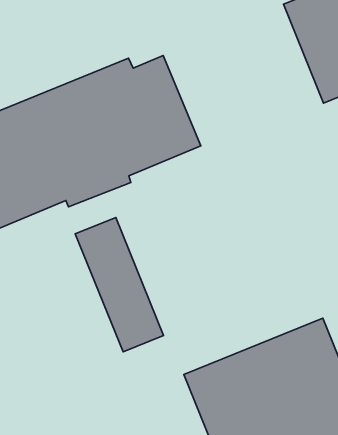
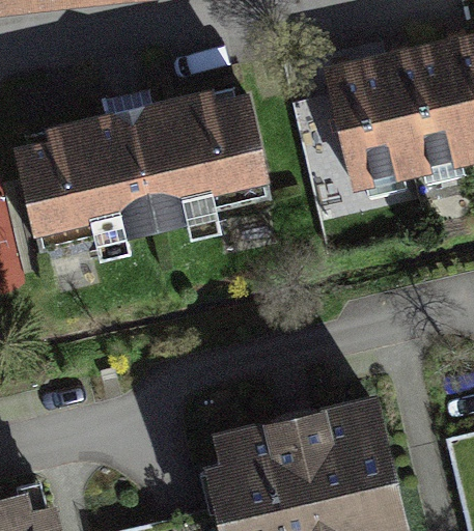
building: none -> [326,59,410,185]
building: [75,218,164,352] -> none

